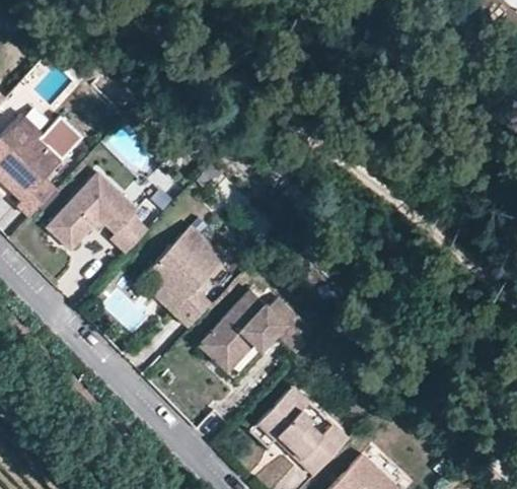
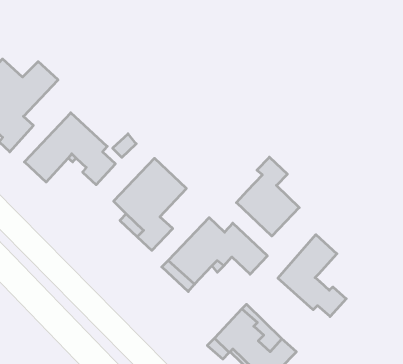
building: none -> [236,157,299,236]
building: none -> [278,235,346,317]

